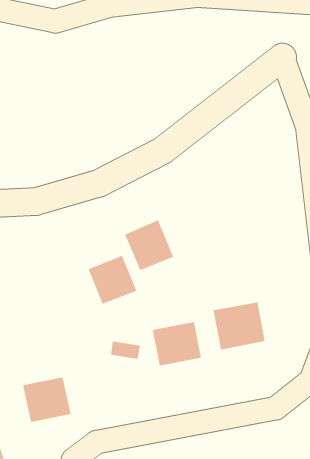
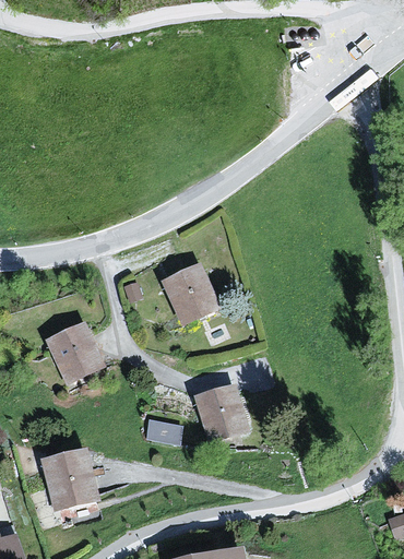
building: [87,255,137,305] -> [46,323,105,382]
building: [213,302,265,351] -> none

